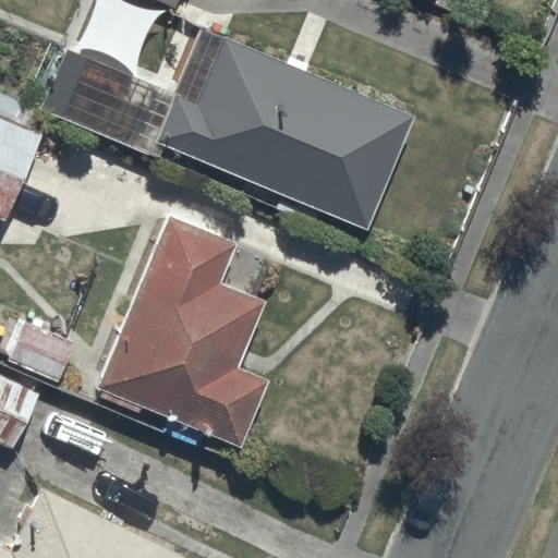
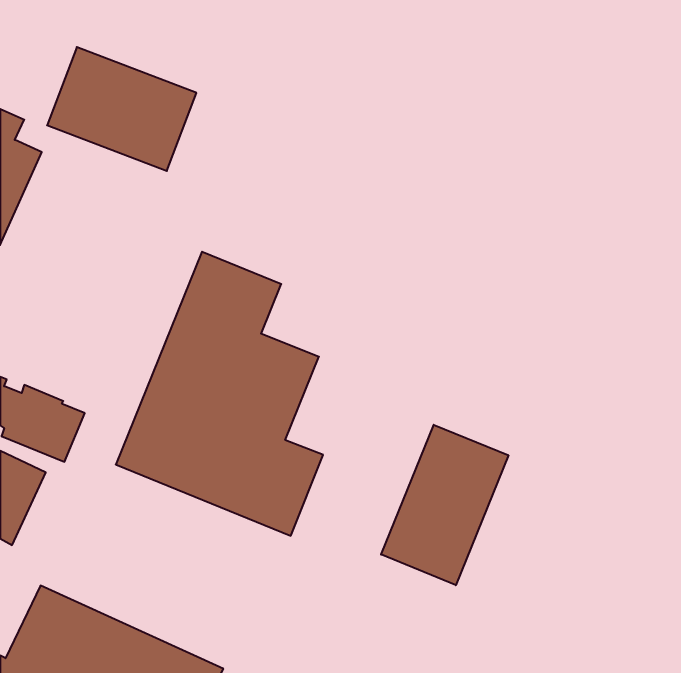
building: [158,38,373,214] -> none
building: none -> [381,425,508,585]

